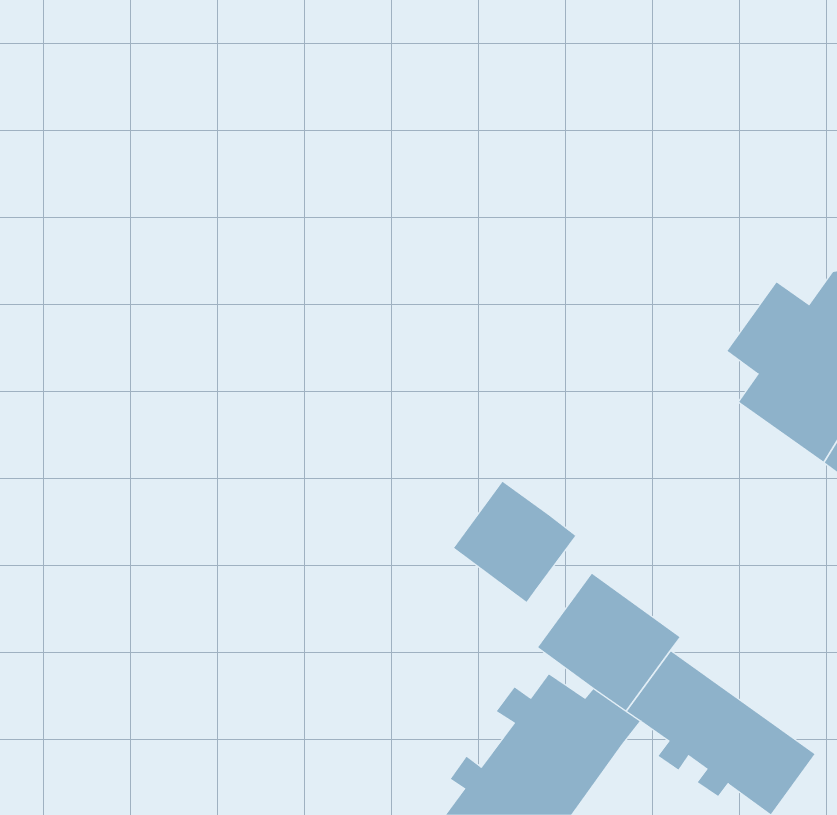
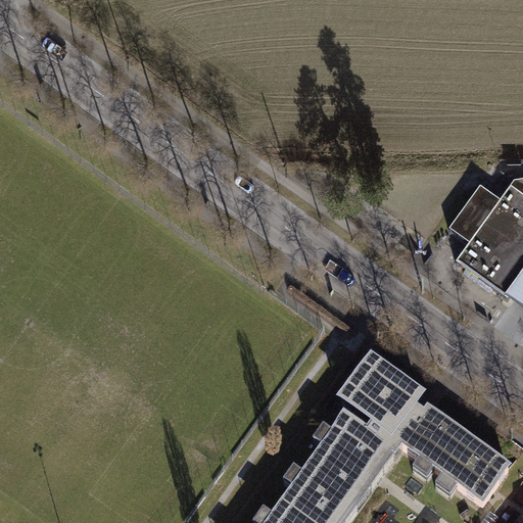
building: [453,481,576,603] -> none

